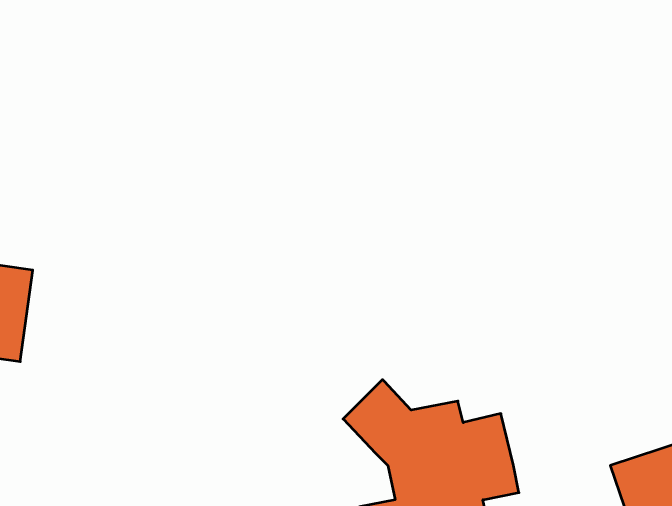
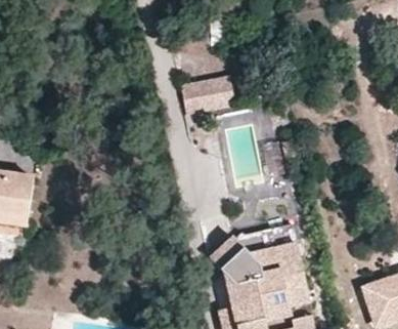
building: none -> [176,78,230,117]
building: none -> [232,230,299,262]

